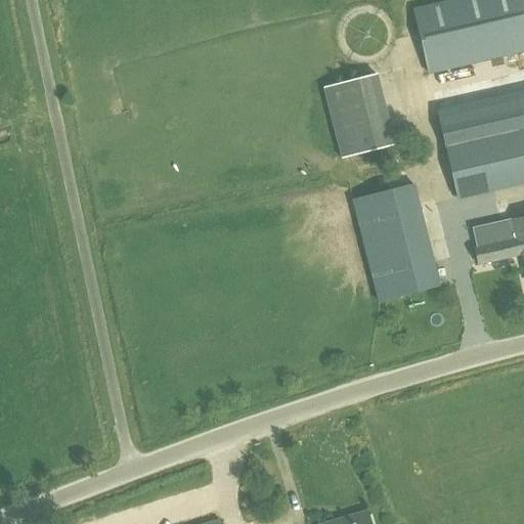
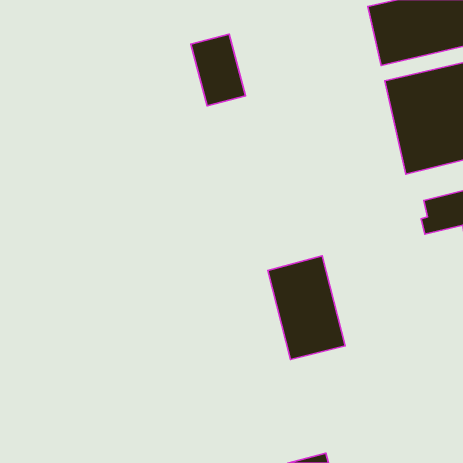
building: [324,76,386,157] -> [191,34,245,106]
building: [353,183,440,300] -> [268,256,345,359]

